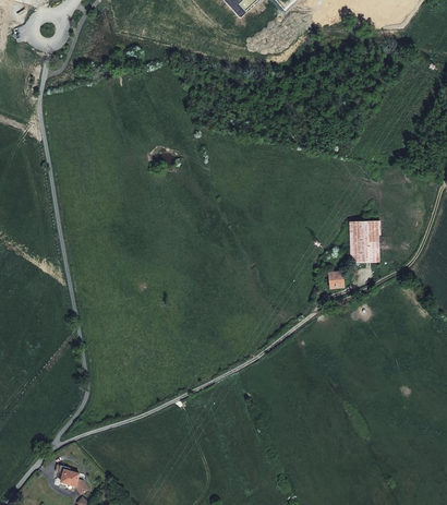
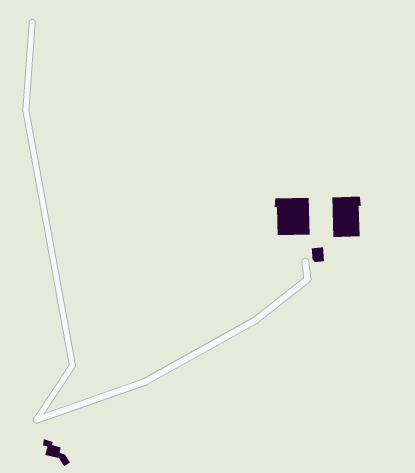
building: none -> [274,197,310,236]

